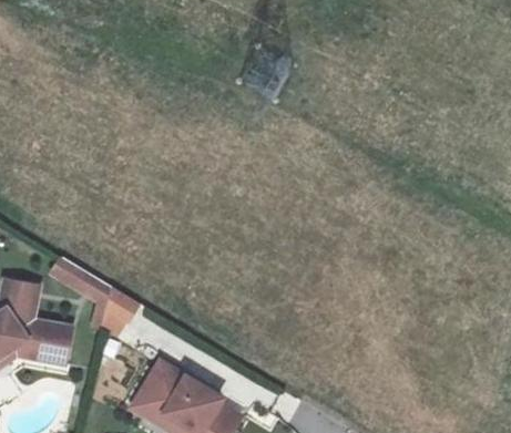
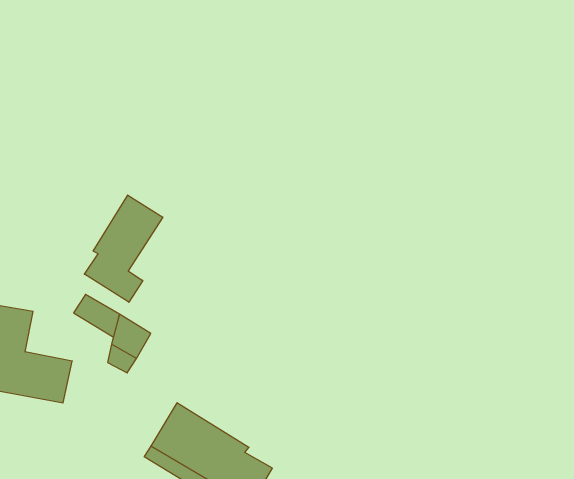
building: none -> [84,195,163,302]

